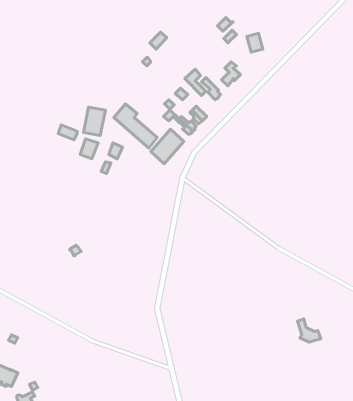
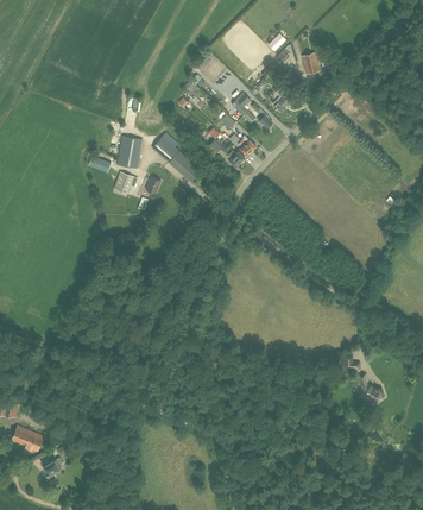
building: [151,129,184,164] -> none

